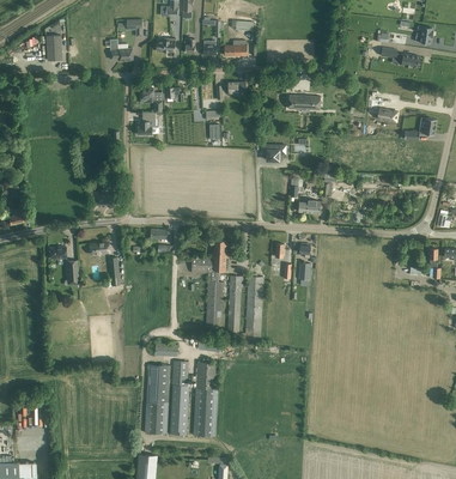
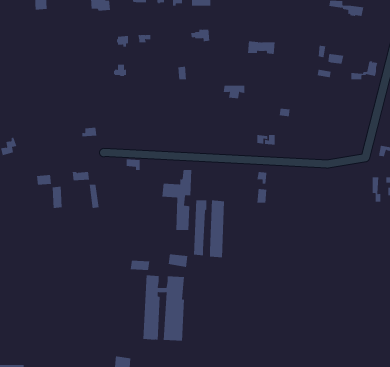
building: [144,364,170,433] -> none

